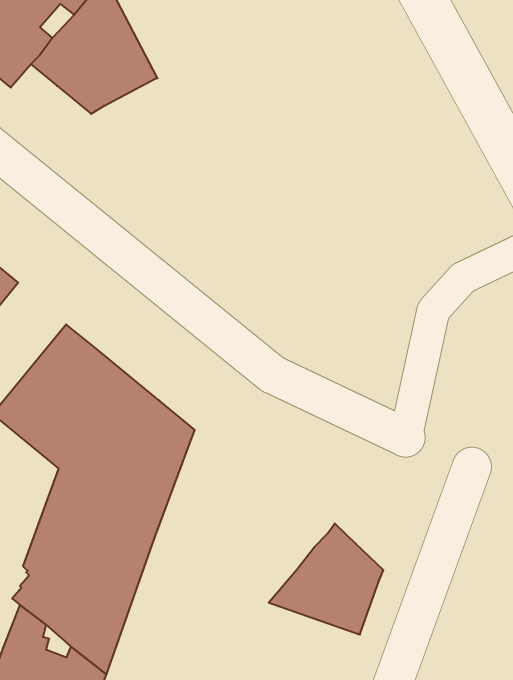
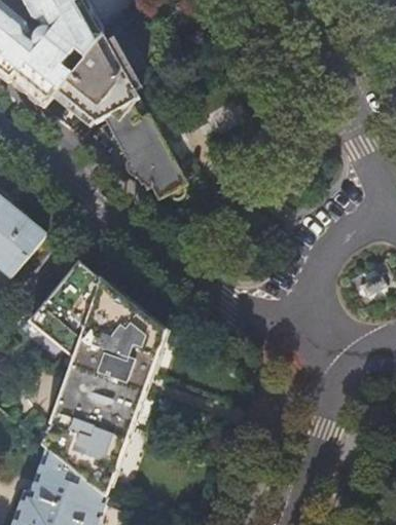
building: none -> [103,100,185,197]
building: [269,523,383,635] -> none

